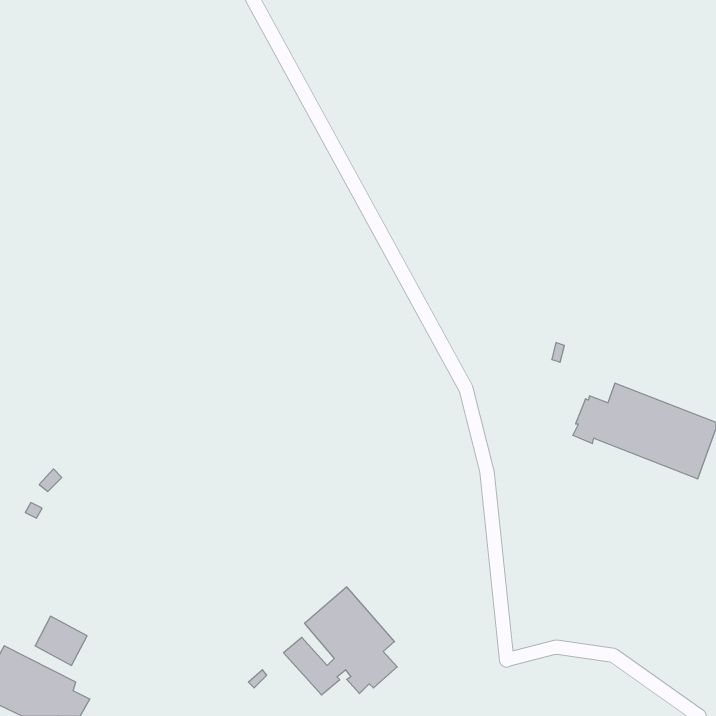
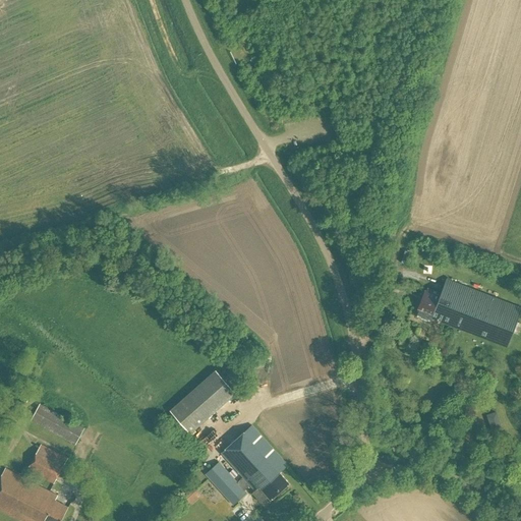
building: none -> [169,369,235,432]
building: none -> [30,403,82,444]

